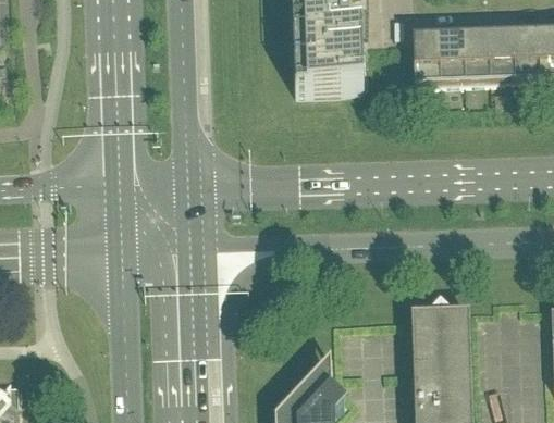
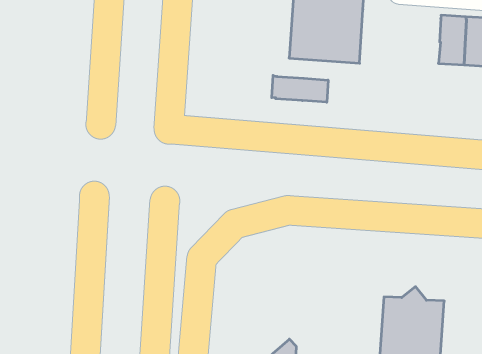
building: [414,35,441,82] -> none
building: none -> [272,75,328,102]

